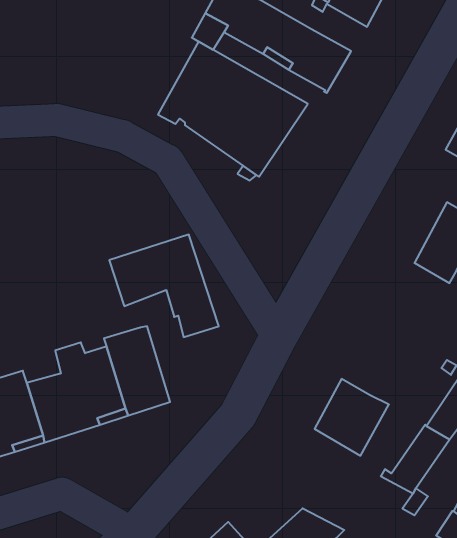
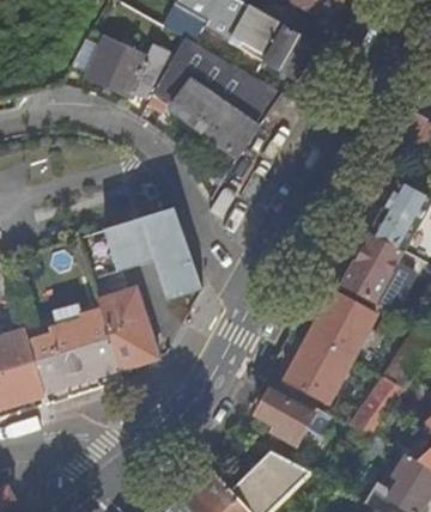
building: none -> [85,37,158,98]
building: none -> [342,233,403,304]
building: none -> [308,291,375,359]
building: none -> [256,390,342,451]

